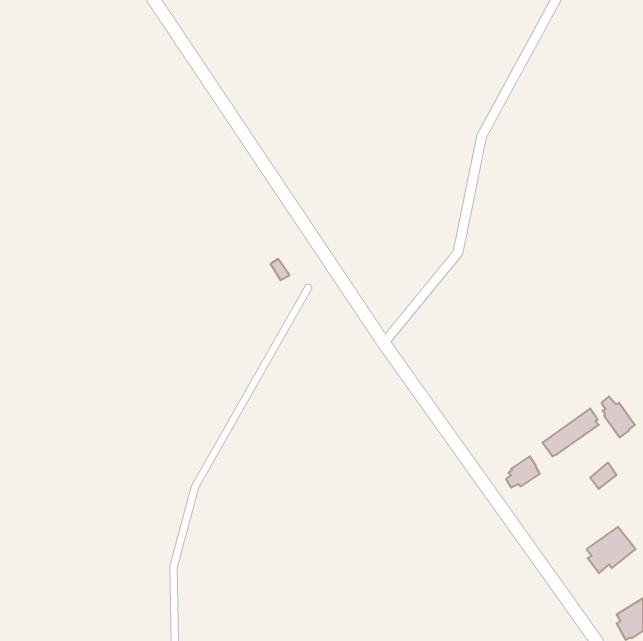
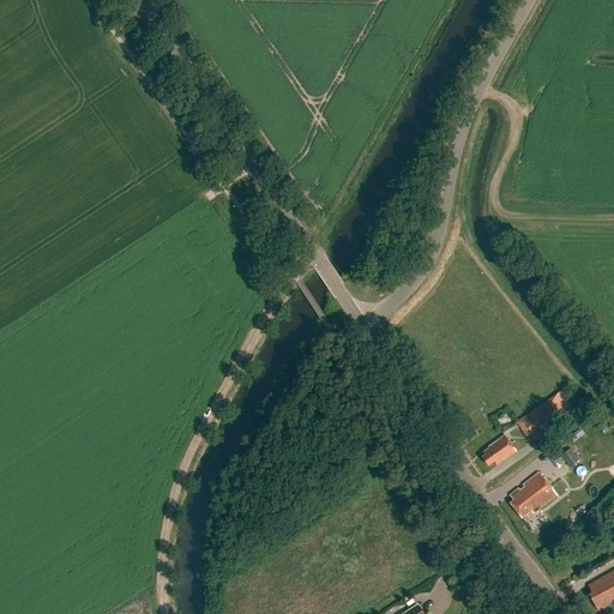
building: [602,396,635,438] -> none
building: [587,527,636,573] -> [508,474,555,518]

